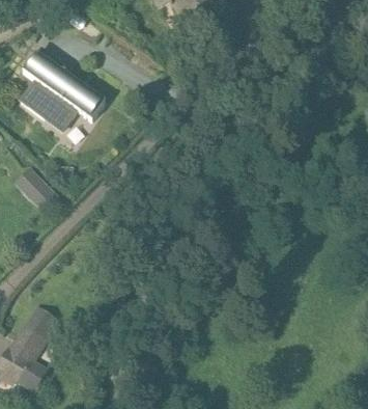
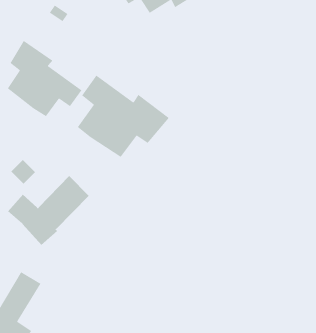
building: none -> [77,75,170,158]
building: none -> [7,175,90,246]

